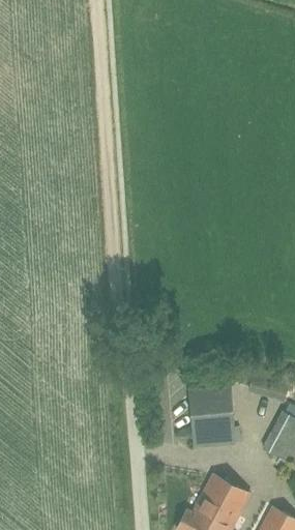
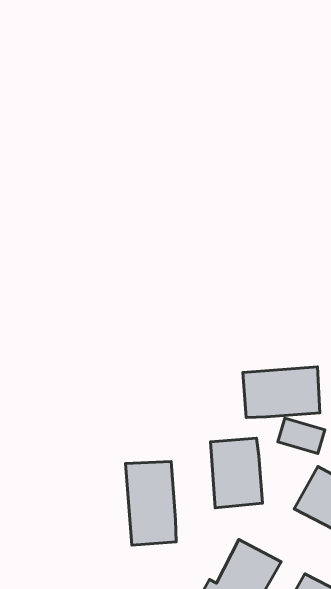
building: none -> [243,367,320,417]
building: none -> [125,462,176,545]

